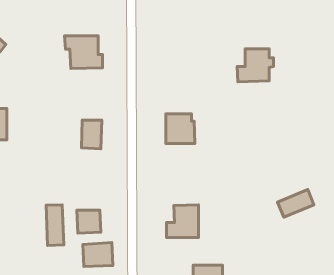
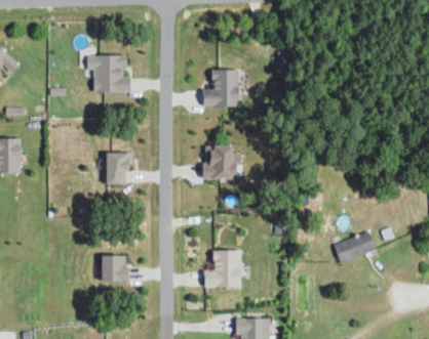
building: [237,49,273,82] -> [203,69,245,107]
building: [46,205,64,246] -> none
building: [83,242,113,267] -> none

